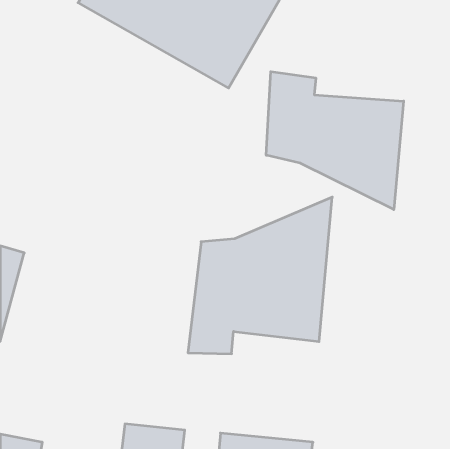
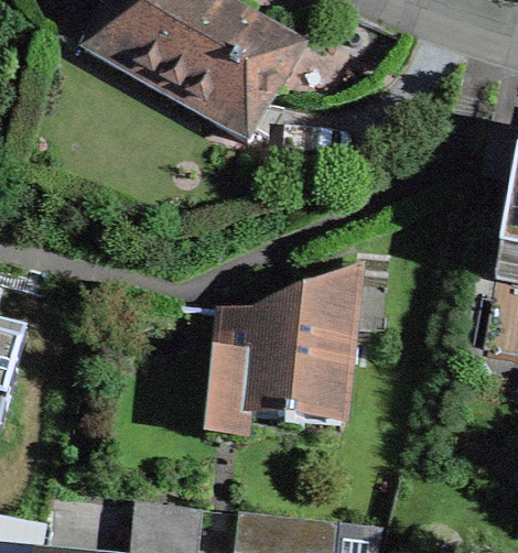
building: [266,72,404,210] -> none

